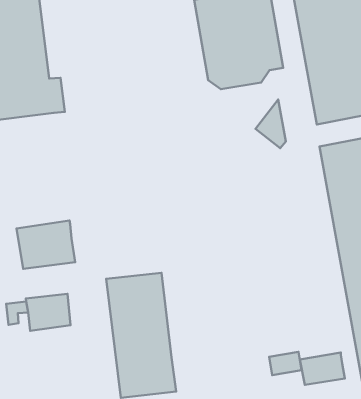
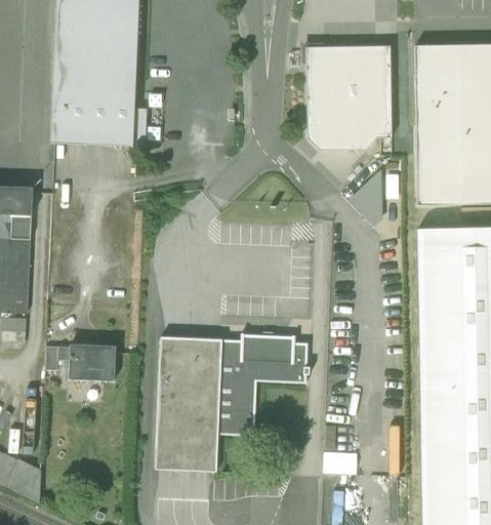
building: [17,220,75,269] -> none
building: none -> [218,333,311,435]
building: [300,352,345,385] -> none

